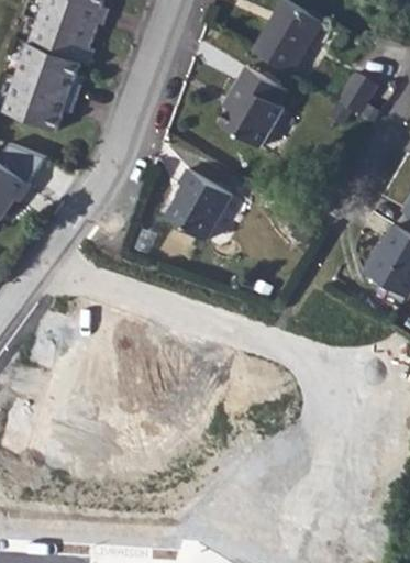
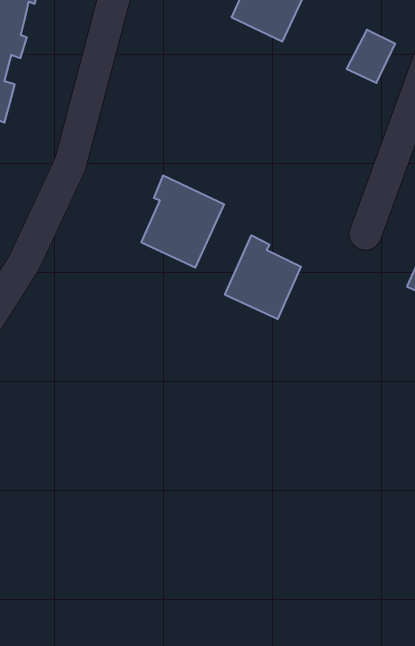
building: [219,66,285,146] -> none
building: none -> [225,235,301,319]

